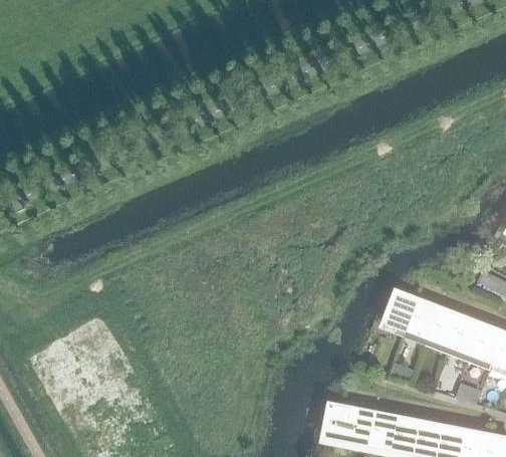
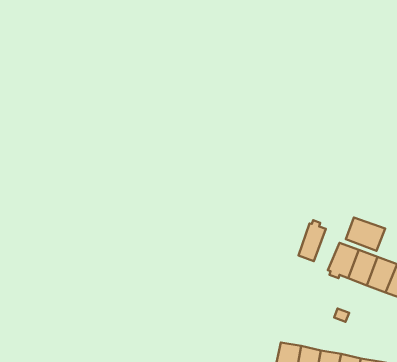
building: none -> [346,218,385,251]
building: none -> [299,220,326,261]

